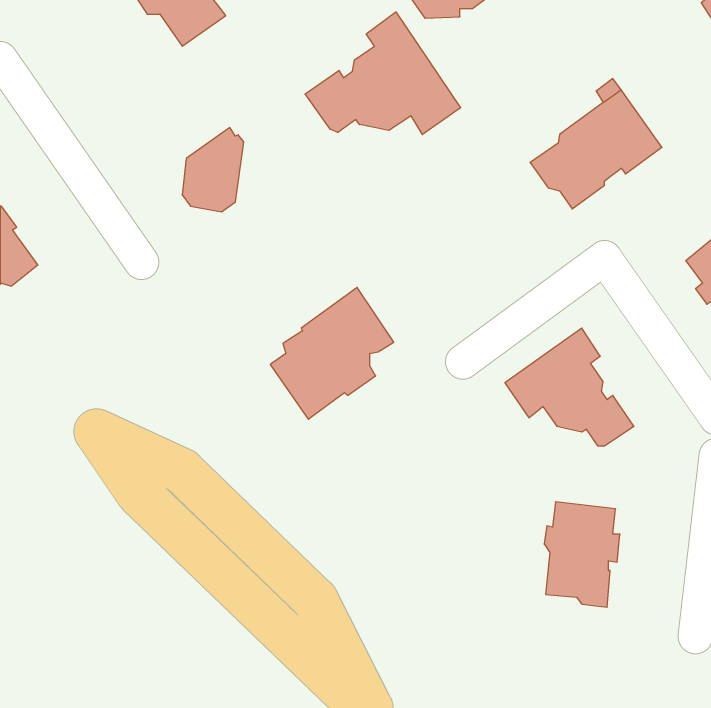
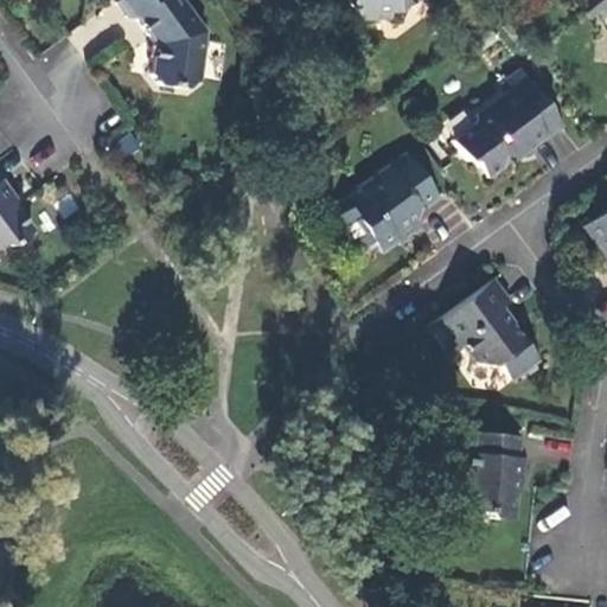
building: [305,12,461,135] -> none
building: [182,128,244,212] -> [155,13,207,84]
building: [270,287,394,419] -> [336,151,440,262]

